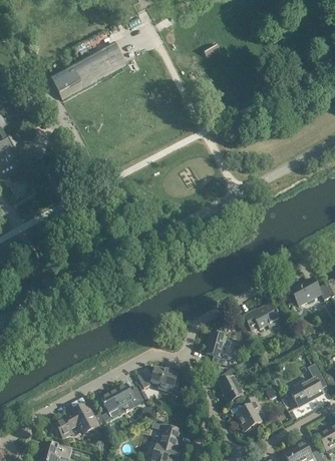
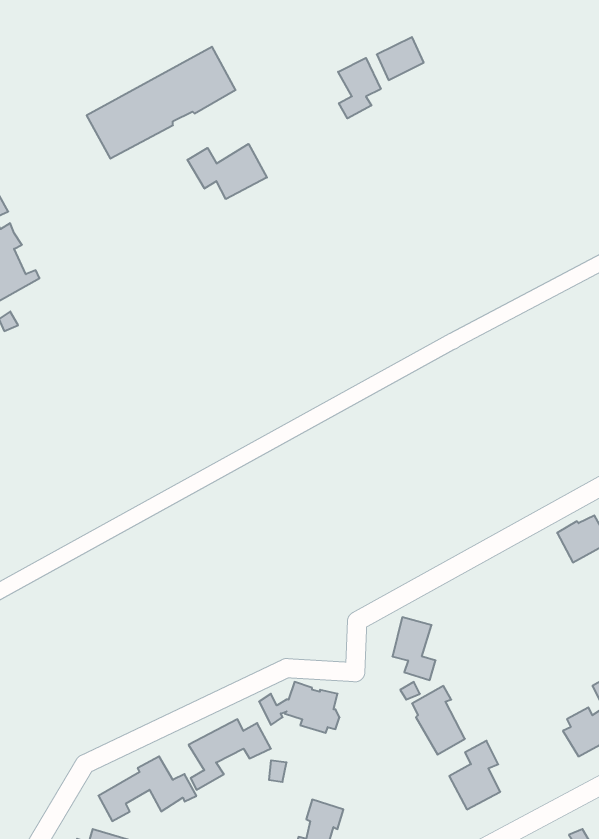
building: none -> [338,58,381,118]
building: none -> [187,144,267,199]
building: [244,306,280,330] -> none

